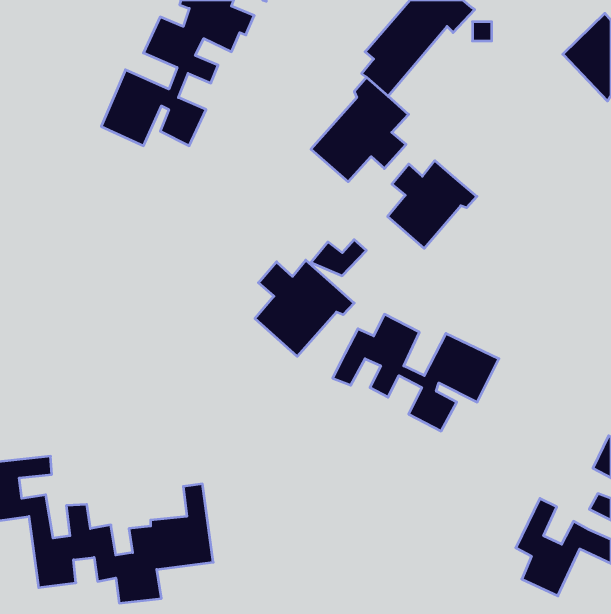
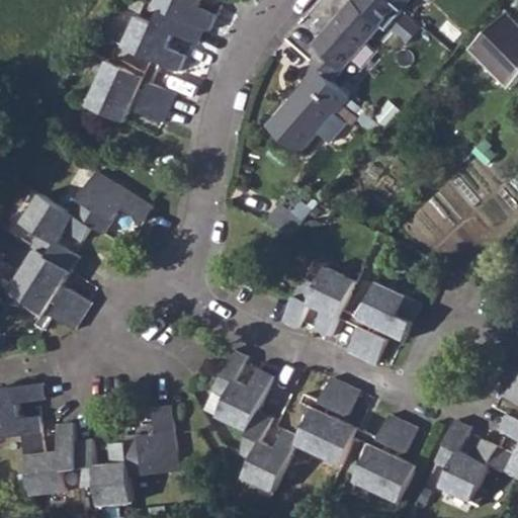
building: [388,161,477,248] -> none
building: none -> [6,170,151,329]
building: [255,260,354,356] -> none
building: none -> [213,351,418,504]

